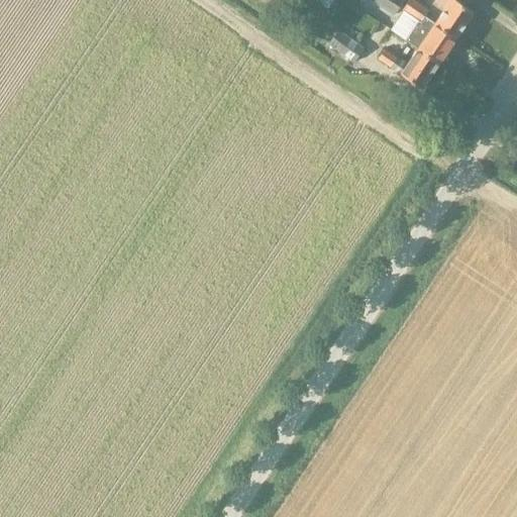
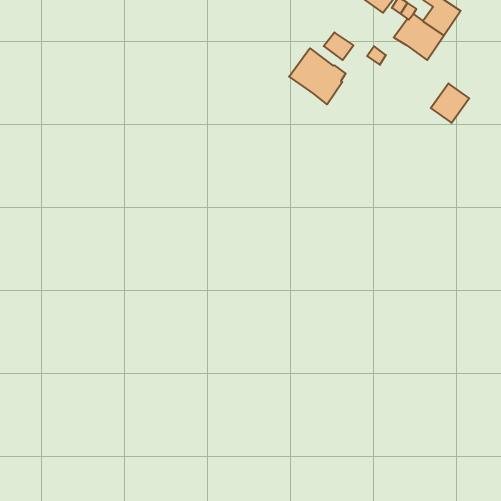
building: [401,46,440,87] -> [431,83,469,123]
building: none -> [289,48,346,104]

